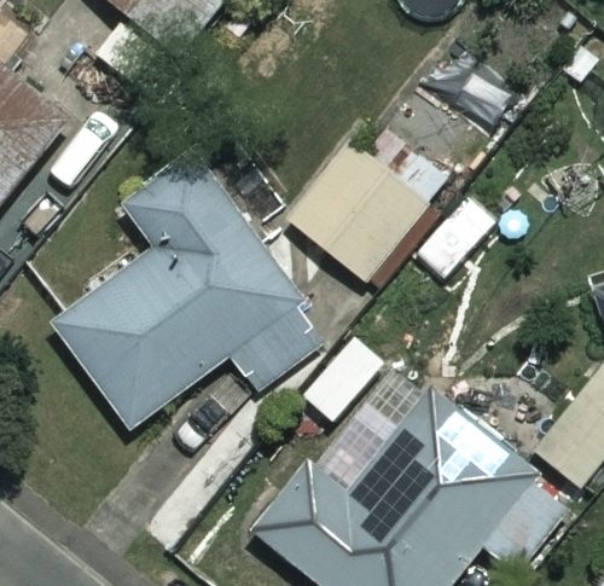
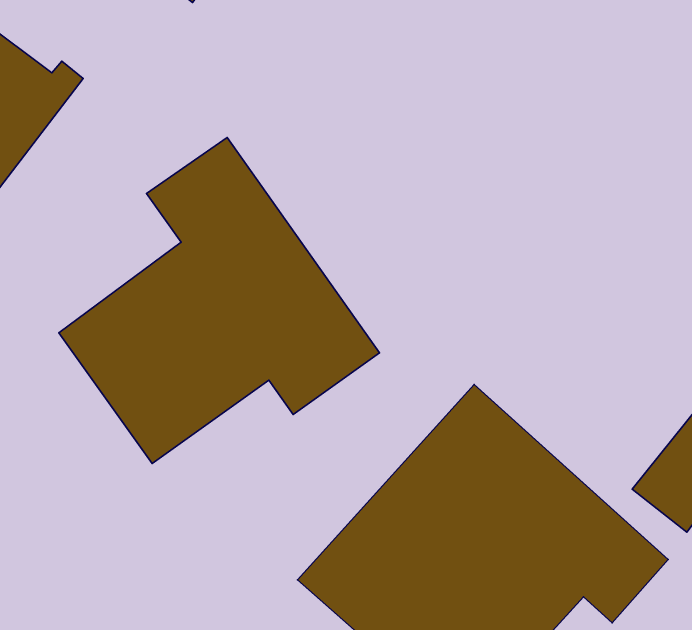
building: [288,137,446,280] -> none

